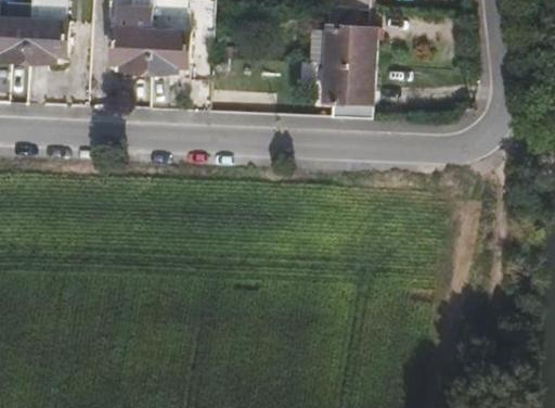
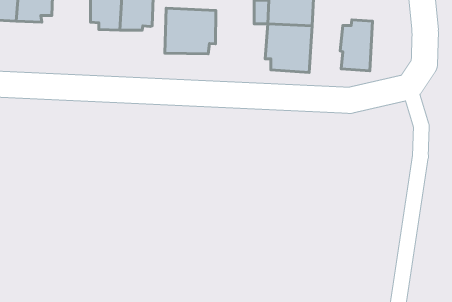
building: none -> [165,8,216,54]
building: none -> [340,20,372,71]

